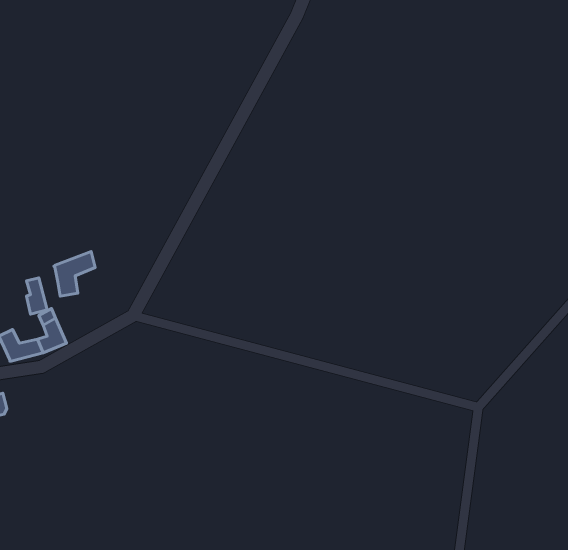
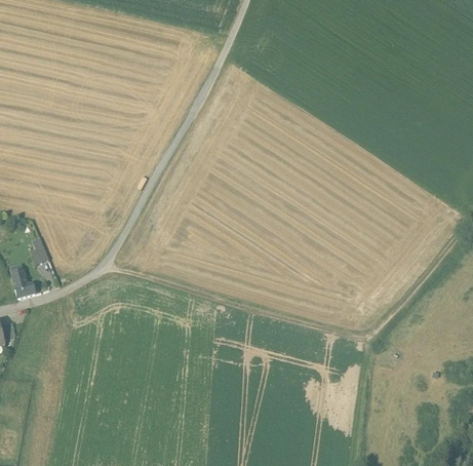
building: [54,251,95,296] -> none

